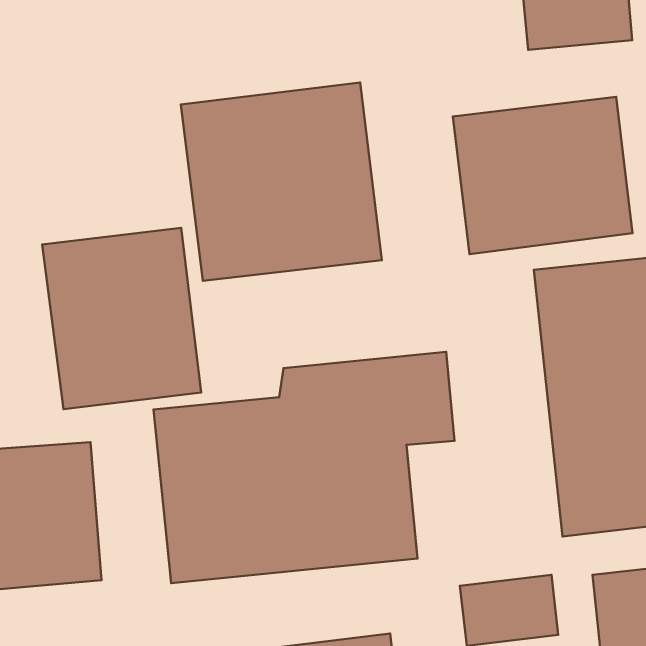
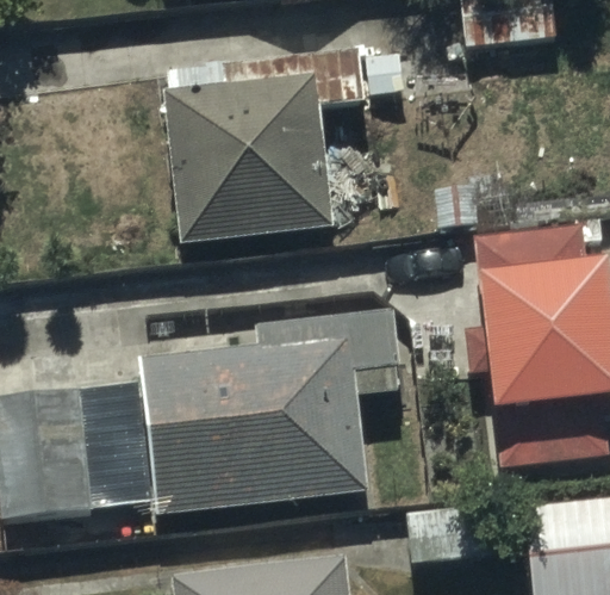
building: [453,97,632,254] -> none
building: [42,228,201,409] -> none

